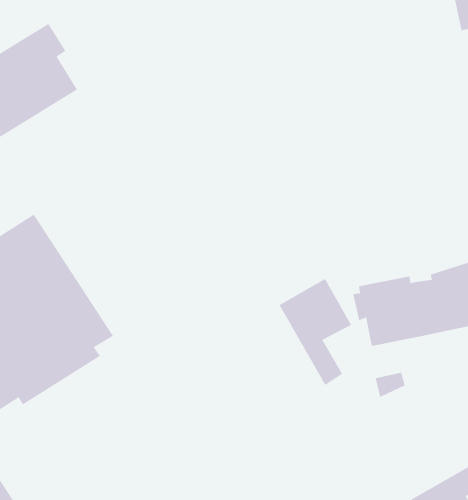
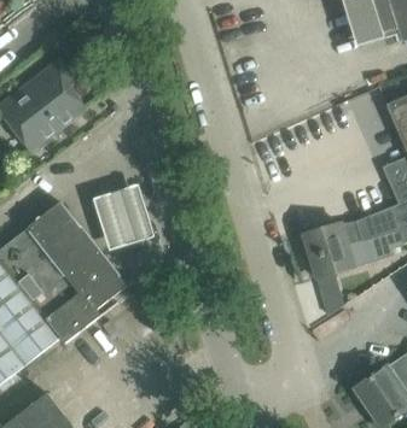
building: none -> [97,180,161,248]
building: [279,278,352,386] -> none

